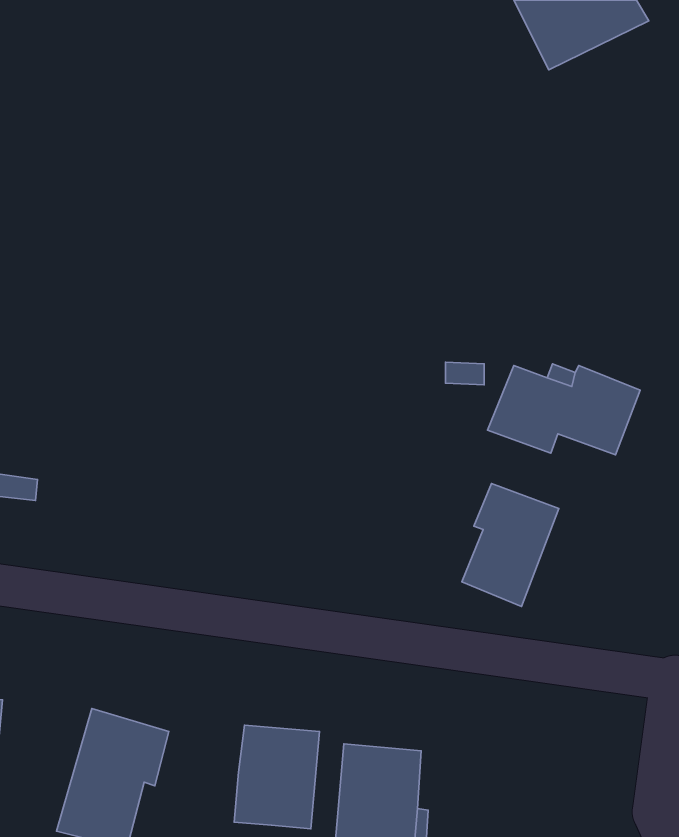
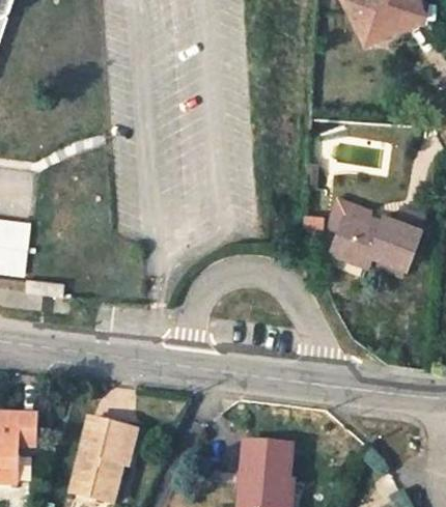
building: [462,484,559,607] -> none
building: [234,725,320,829] -> none

